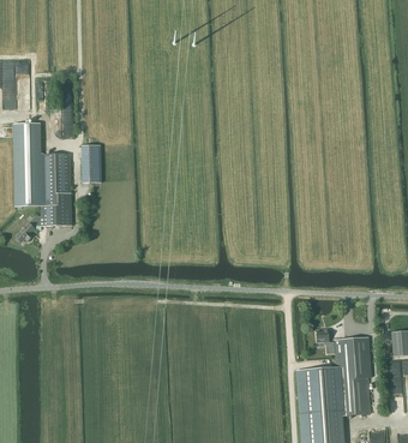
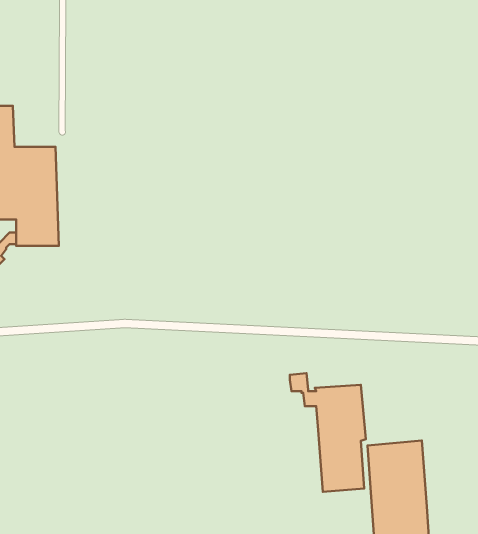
building: [82,144,101,181] -> none
building: [316,328,371,414] -> [290,373,366,492]

